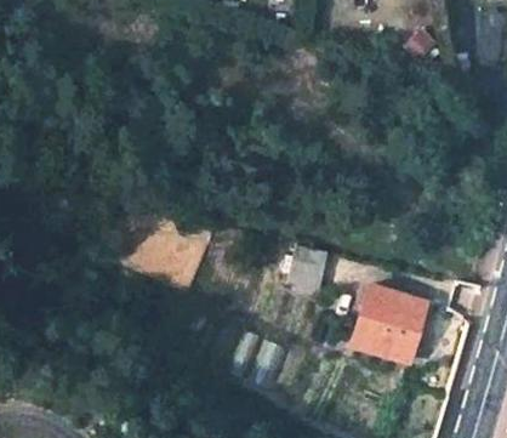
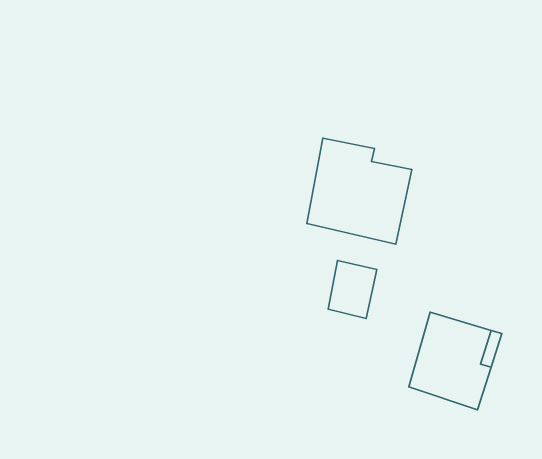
building: none -> [307,138,412,244]

